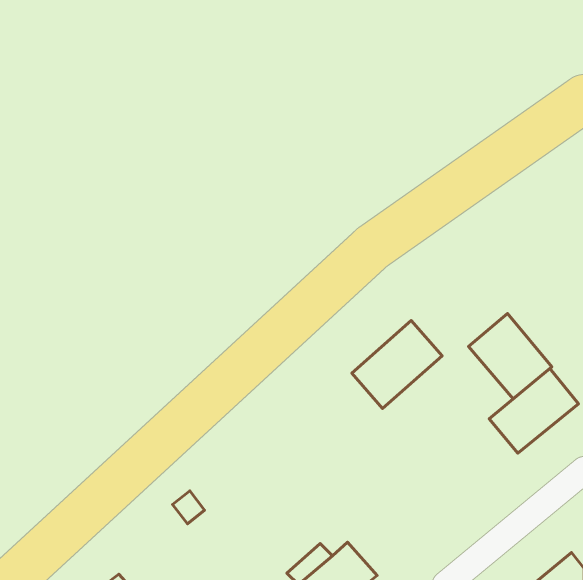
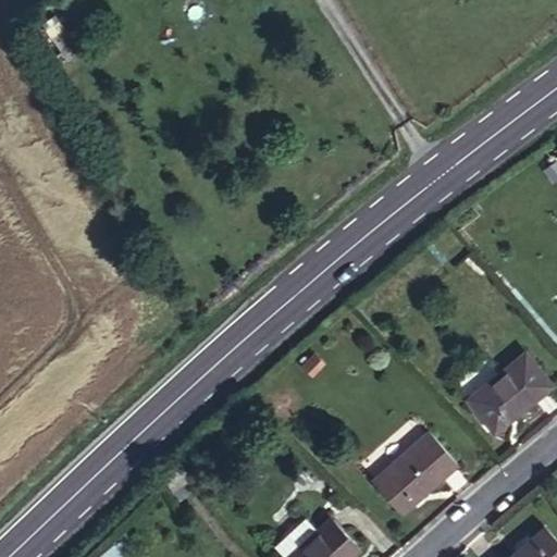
building: [468,313,552,399] -> none
building: [352,320,442,408] -> [372,433,458,517]

